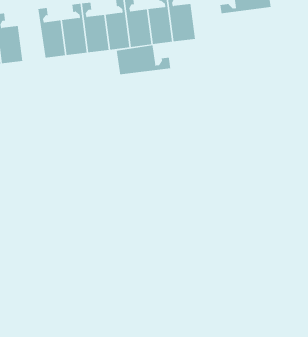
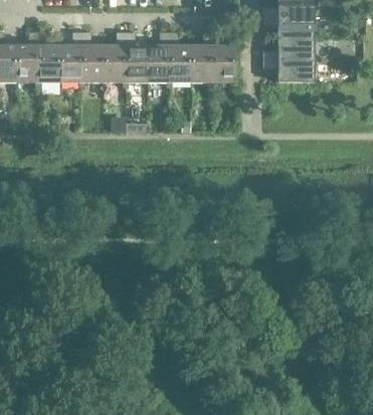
building: none -> [262,59,314,81]
building: none -> [59,31,81,81]
building: [116,45,171,75] -> none

